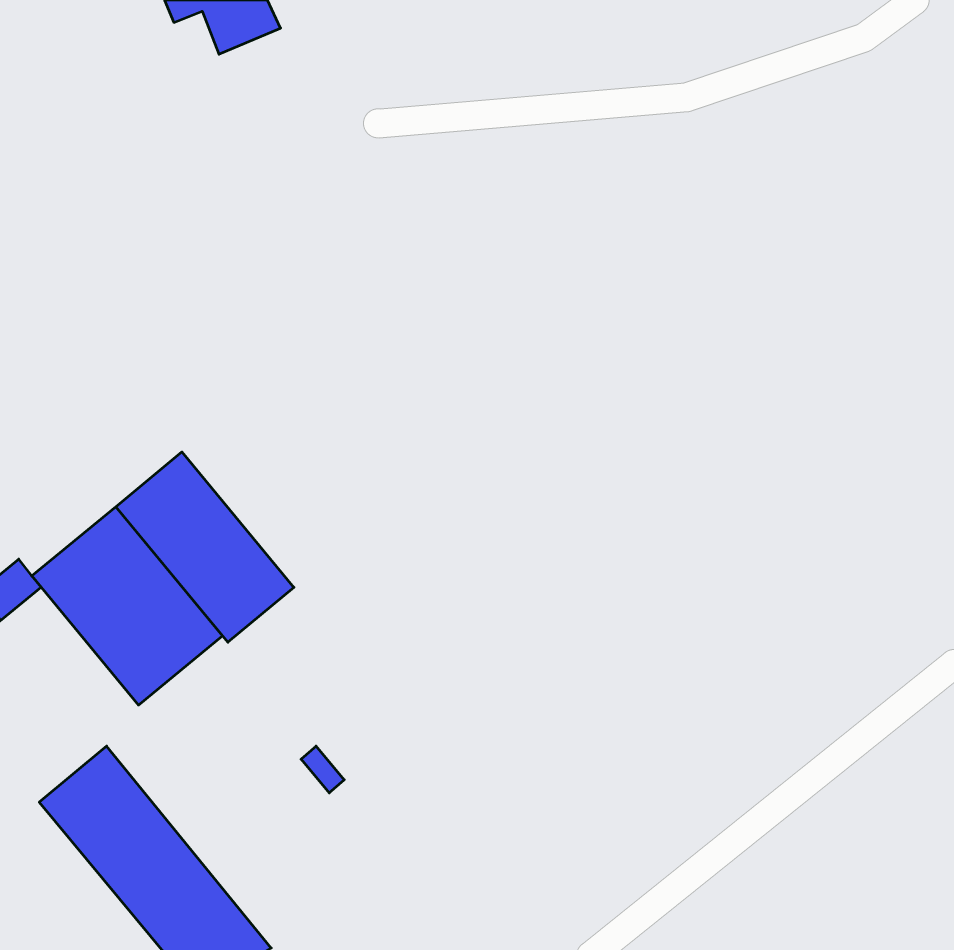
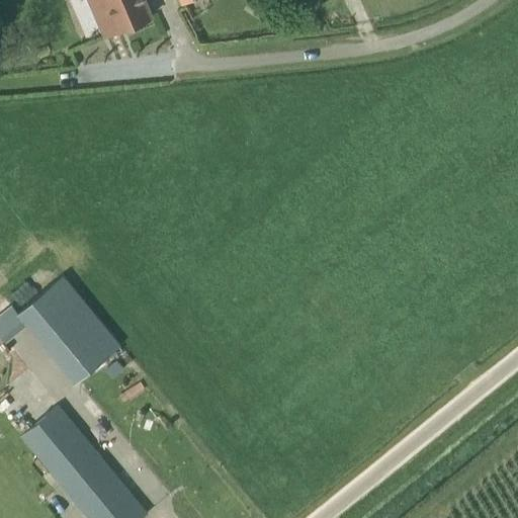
building: [116,452,294,642] -> none

